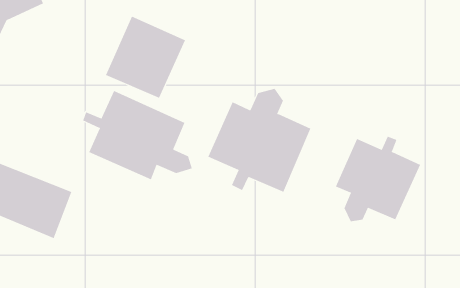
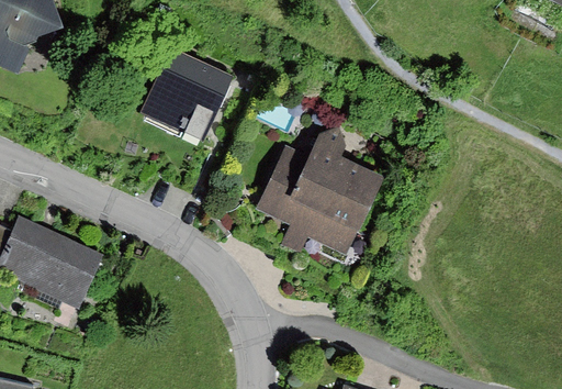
building: [82,90,193,180] -> none
building: [335,136,421,222] -> none

